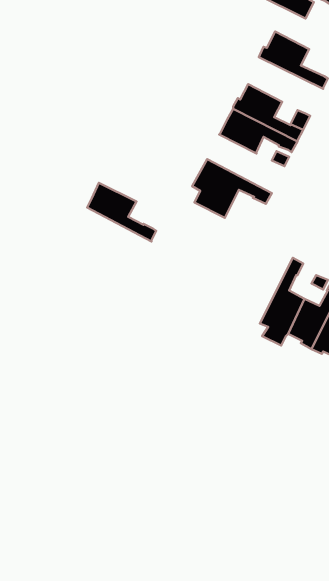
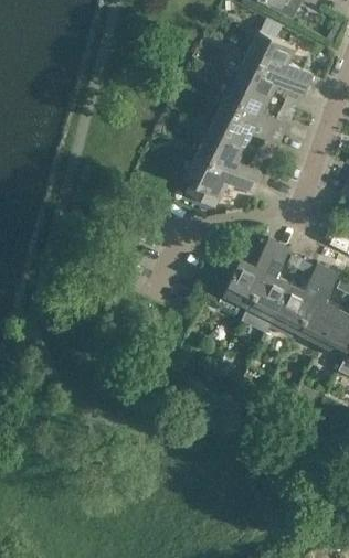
building: none -> [237,56,308,98]
building: [87,183,156,241] -> [199,129,264,184]
building: none -> [218,239,279,312]

